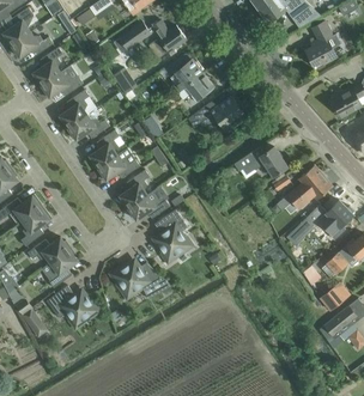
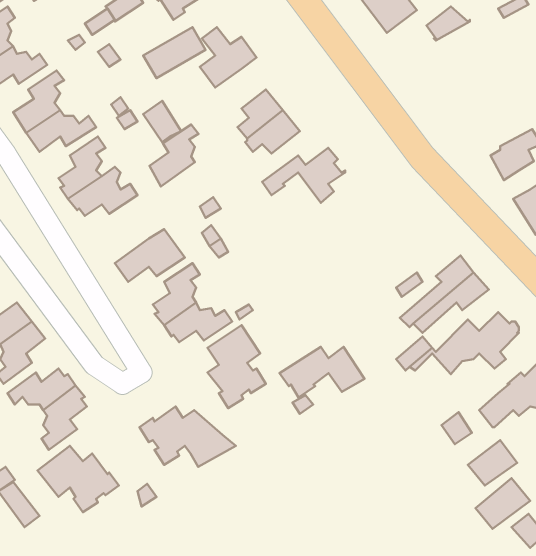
building: [305,20,340,68] -> none
building: [89,129,120,169] -> [150,124,199,187]
building: [233,146,287,178] -> [279,347,364,398]

